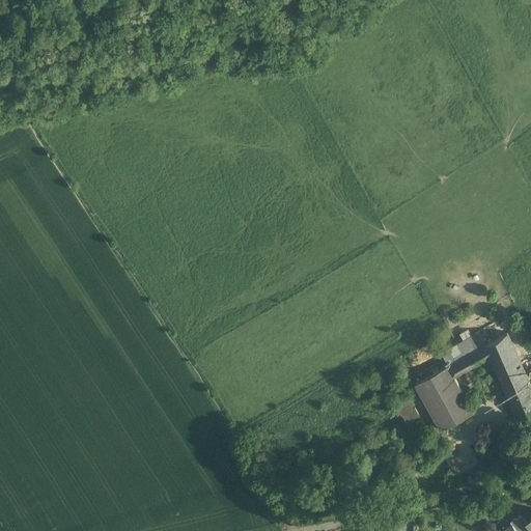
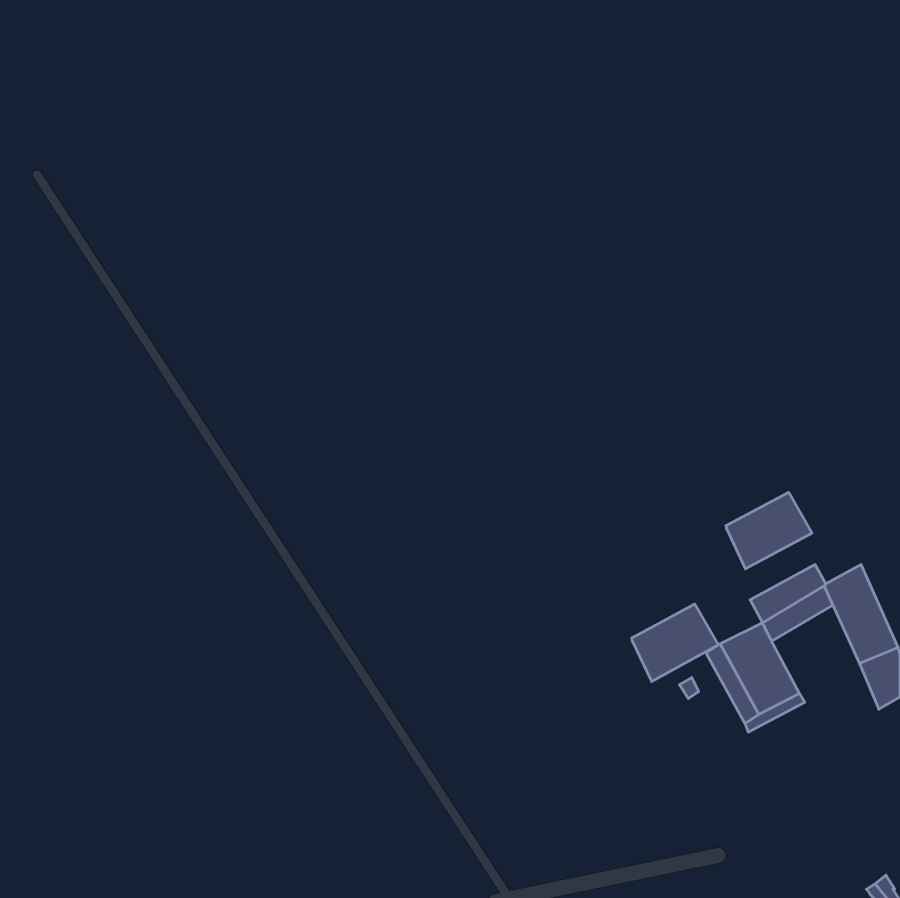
building: none -> [726,492,812,569]
building: none -> [632,604,719,682]

